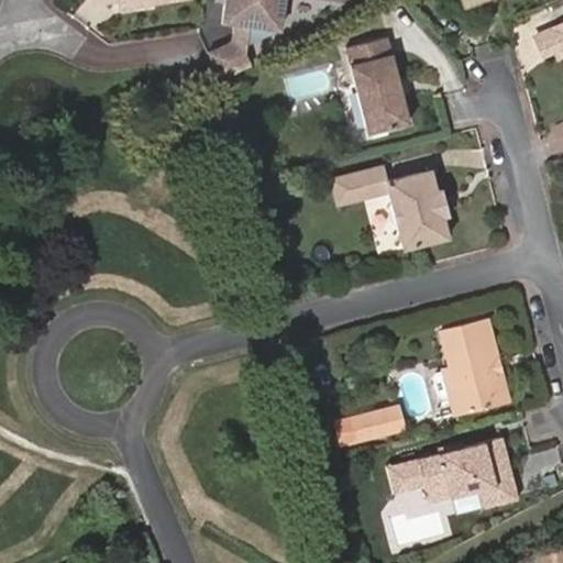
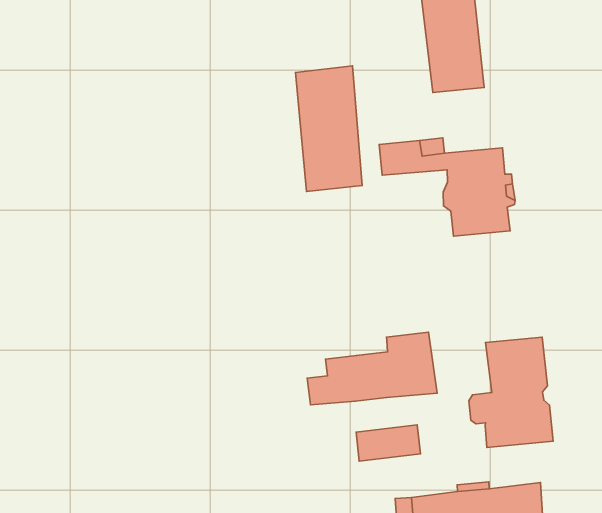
building: none -> [295,66,362,192]
building: none -> [307,332,437,405]

